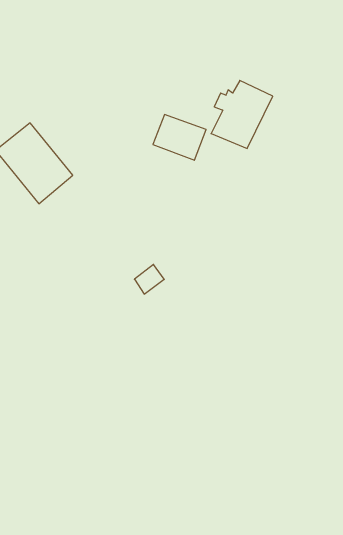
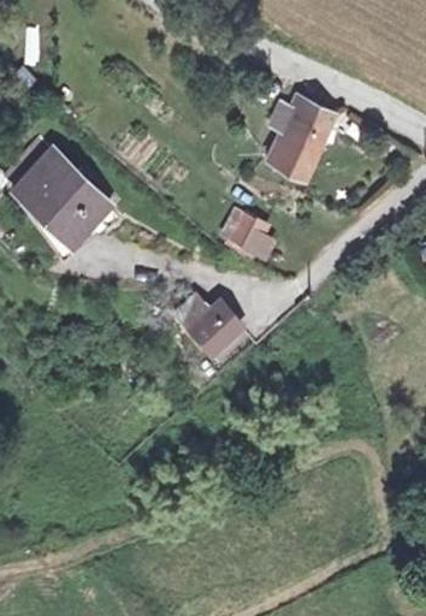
building: [153,115,206,160] -> [223,207,283,259]
building: none -> [189,318,241,368]

